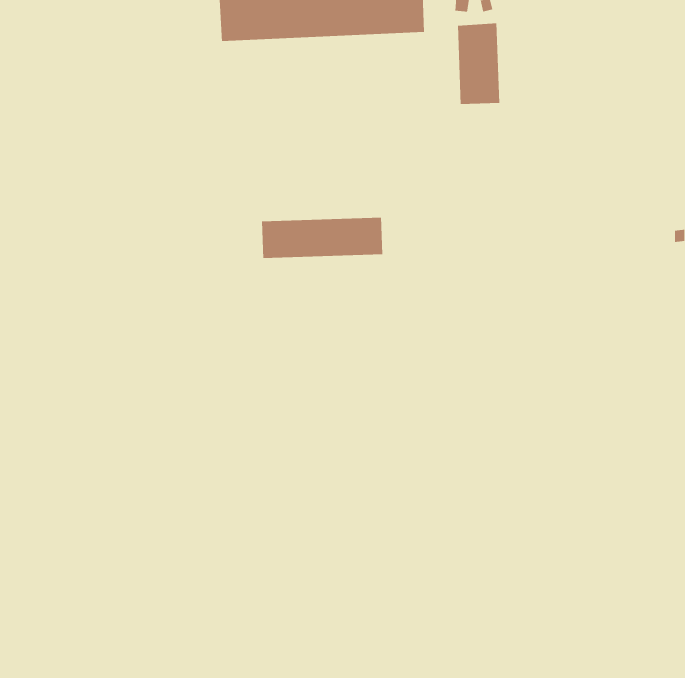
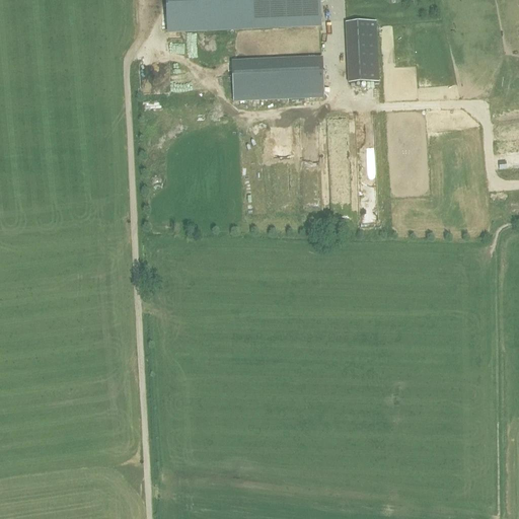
building: [261,217,383,259] -> [231,63,323,94]

